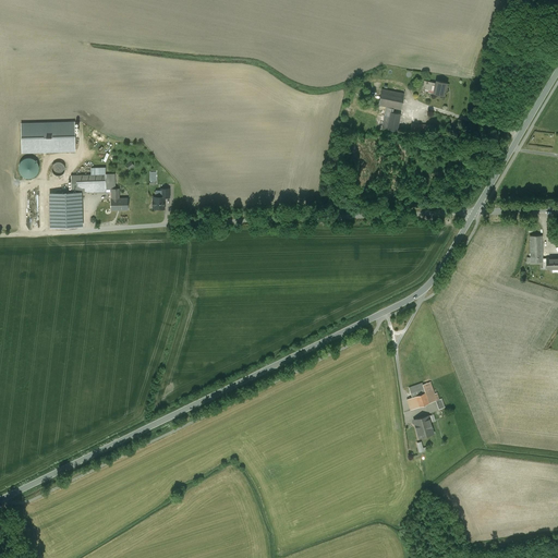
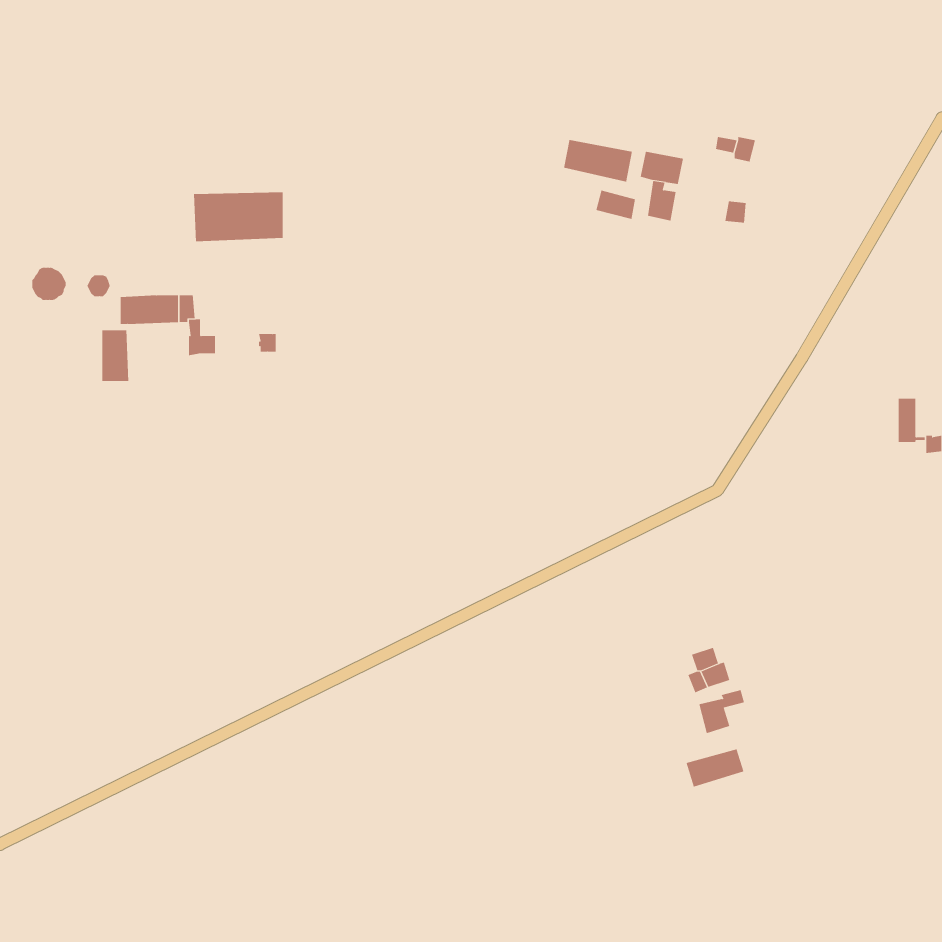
building: none -> [563,139,632,182]
building: [22,123,75,153] -> [193,192,284,242]
building: none -> [686,749,744,788]

